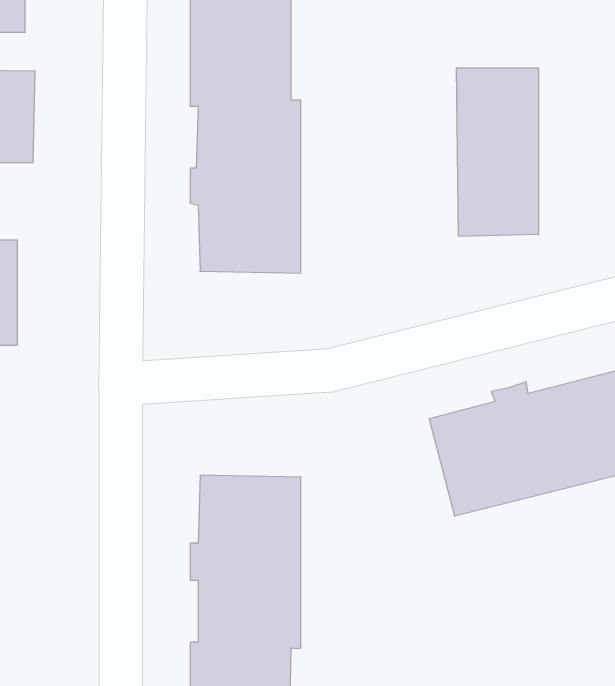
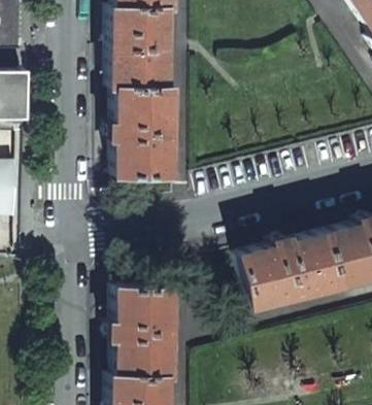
building: [457,68,538,236] -> none

